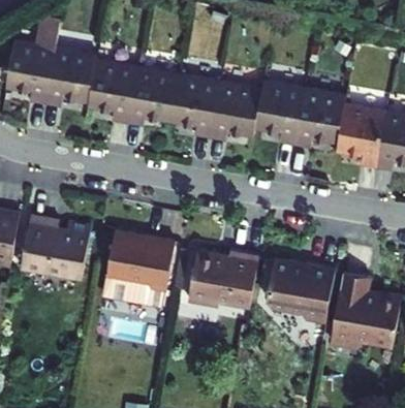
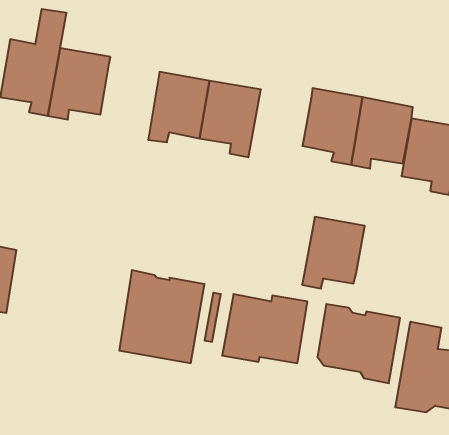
building: [87,60,136,123] -> none
building: [210,82,261,140] -> [302,217,365,289]
building: [20,216,90,279] -> none

